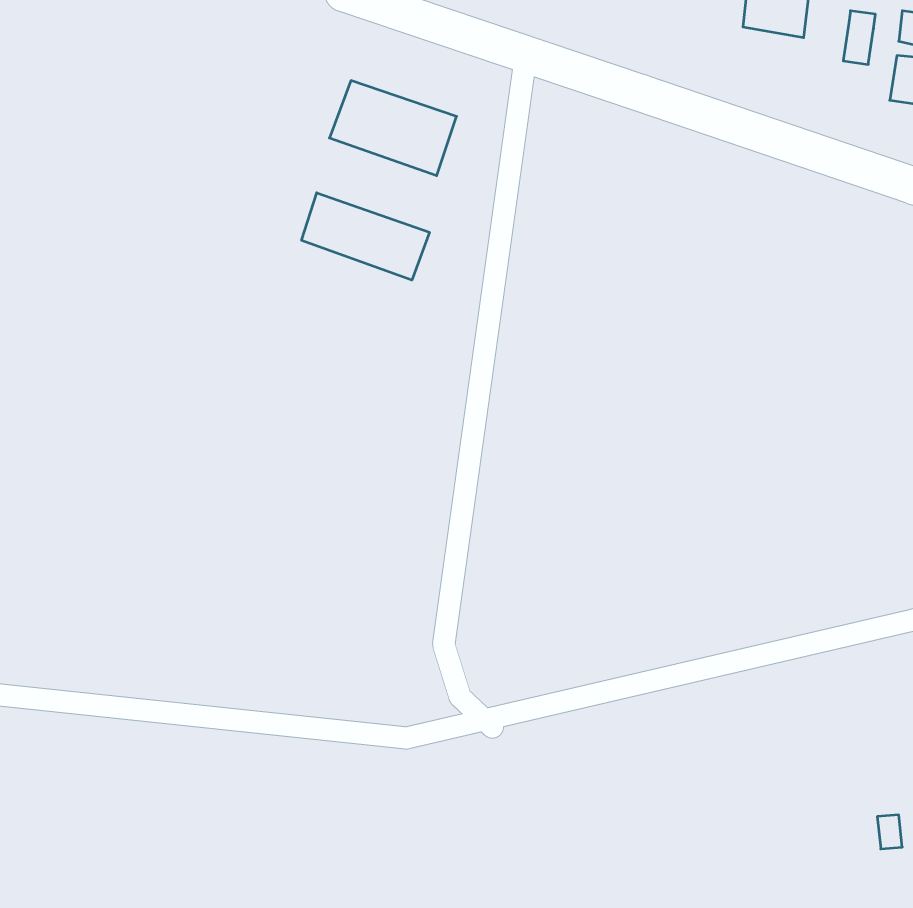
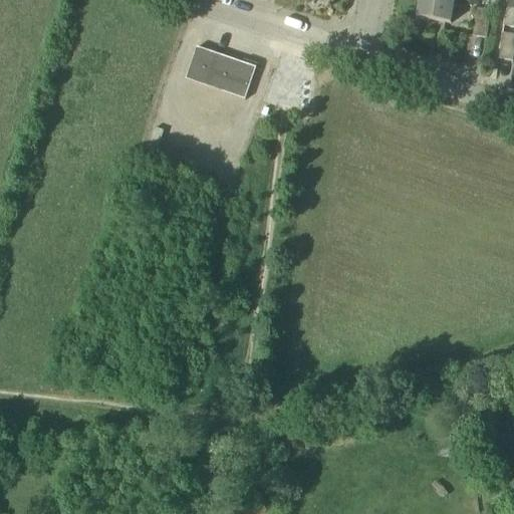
building: [302,193,429,280] -> none

